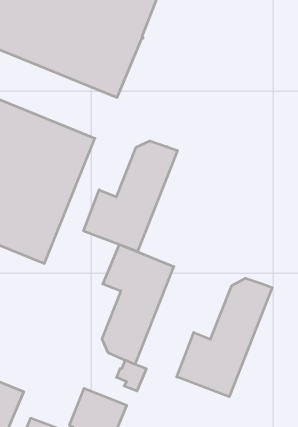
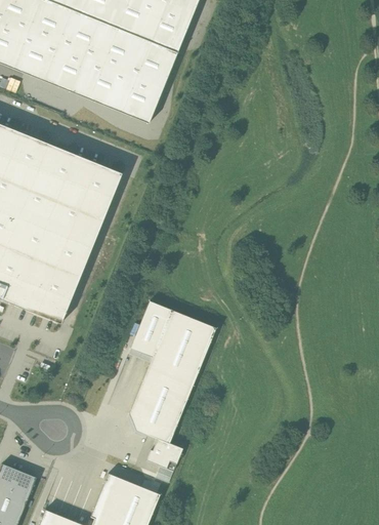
building: [84,141,177,252] -> none
building: [177,278,272,397] -> none

